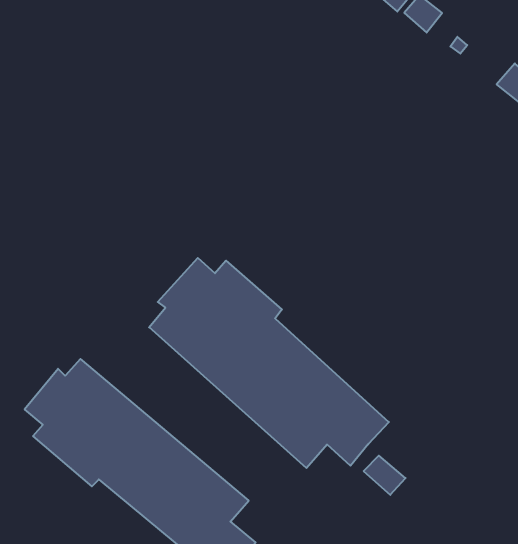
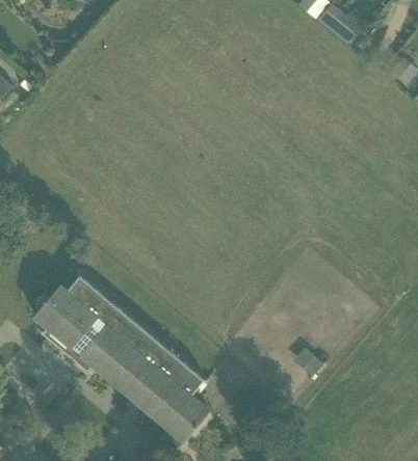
building: [149,258,389,468] -> none

